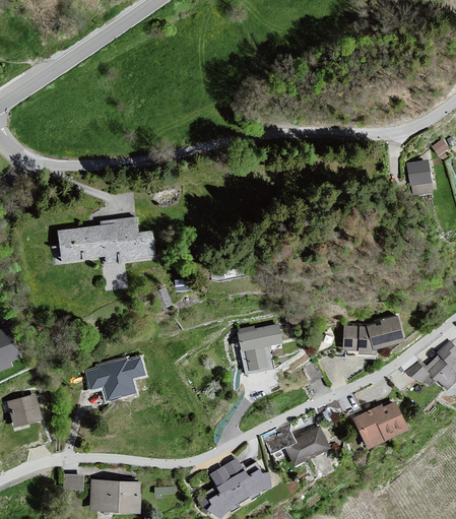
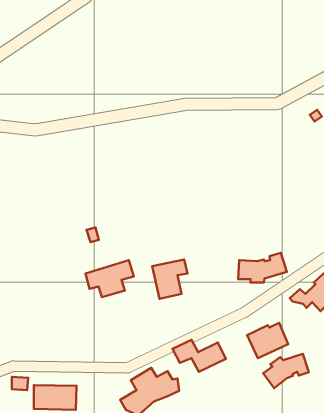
building: [407,160,431,194] -> none
building: [56,219,155,263] -> none
building: [87,354,147,400] -> [85,260,134,297]
building: none -> [263,354,309,388]

